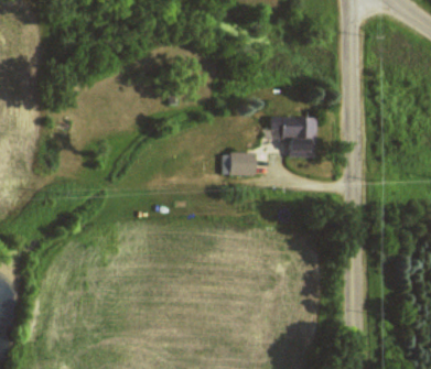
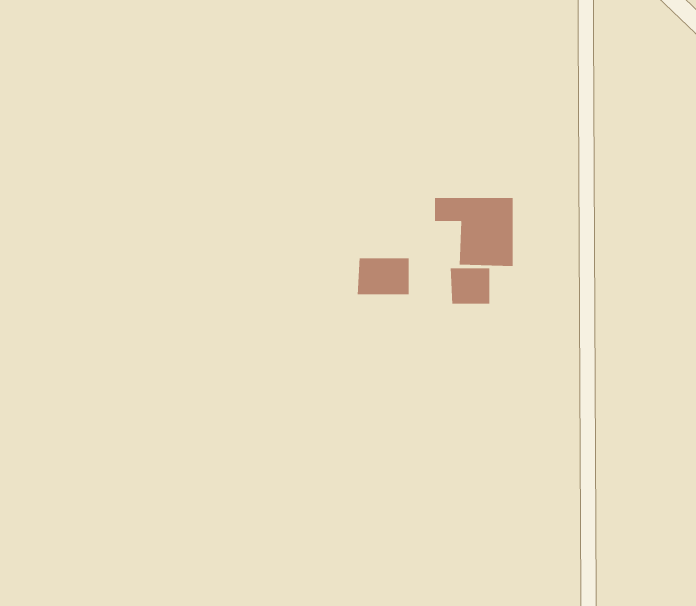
building: none -> [450,267,490,304]

